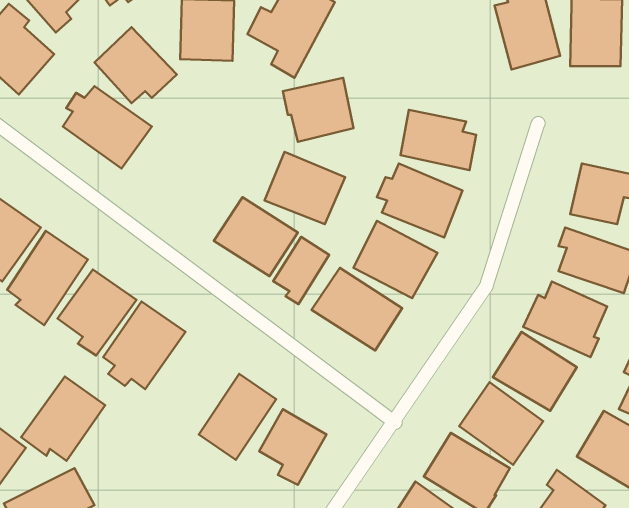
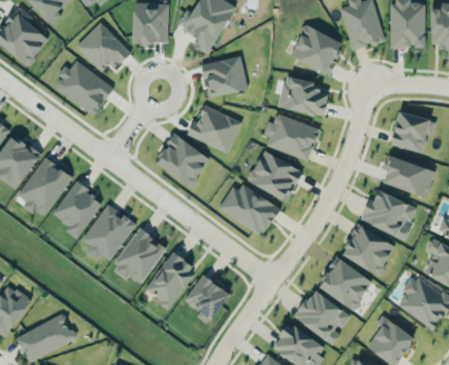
building: none -> [289,24,343,75]
building: [273,237,329,304] -> none
building: [21,377,105,461] -> [110,228,166,284]

